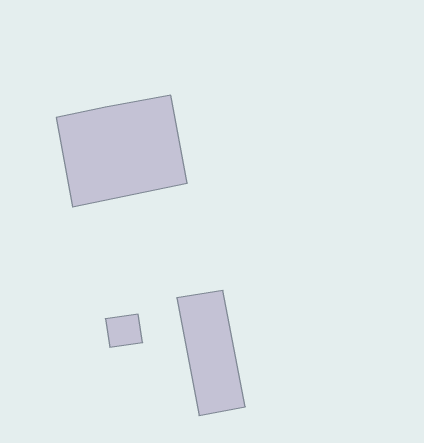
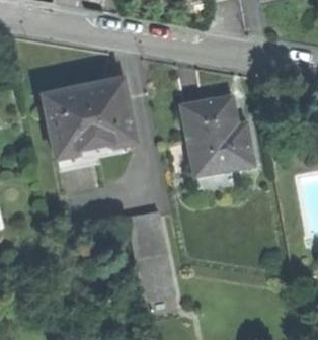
building: none -> [179,98,251,176]

